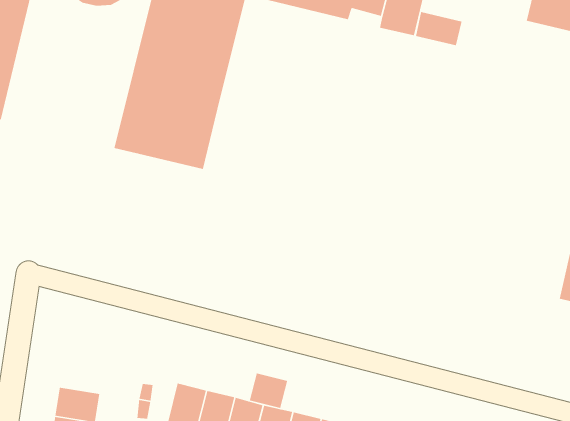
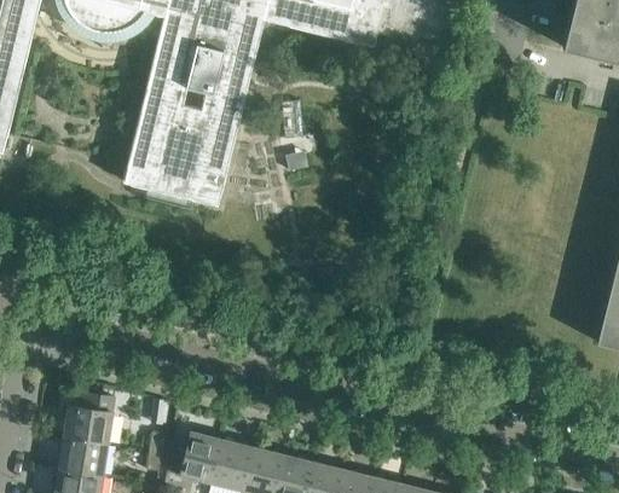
building: [415,11,463,46] -> none
building: none -> [65,392,115,442]
building: [249,373,288,409] -> none

